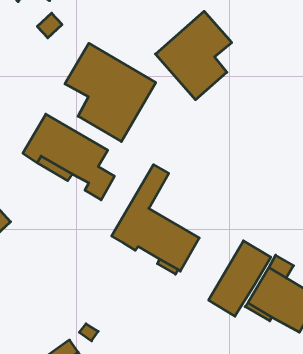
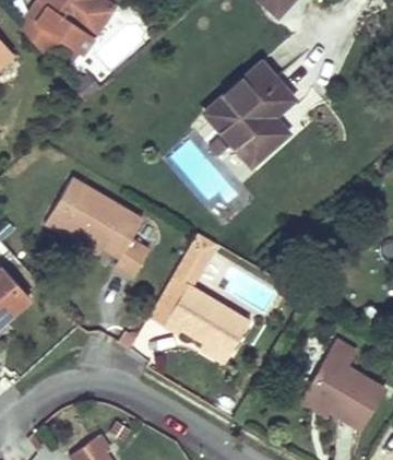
building: [65,43,156,142] -> none
building: [209,241,271,316] -> none

